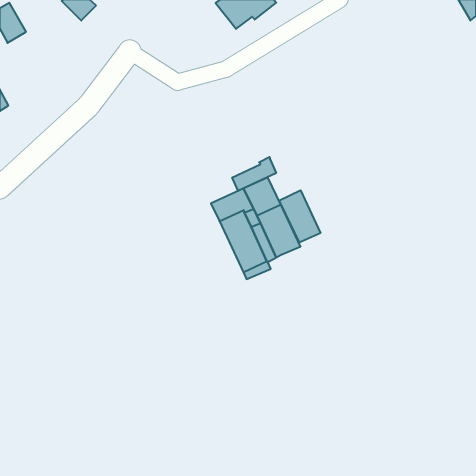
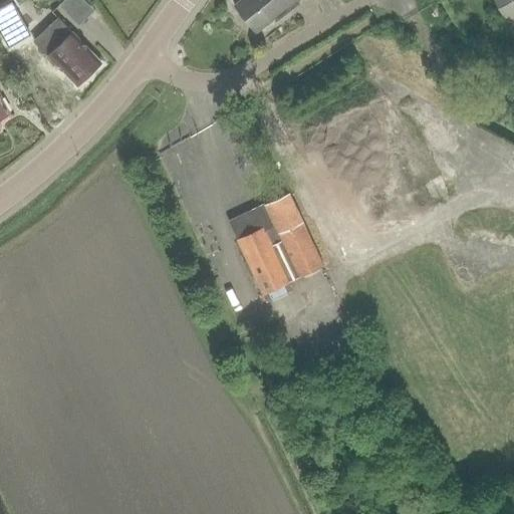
building: none -> [32,17,98,84]
building: [232,157,276,191] -> none
building: [279,190,320,243] -> none

